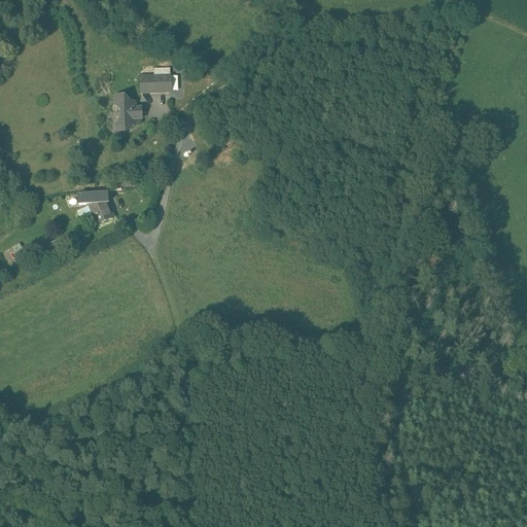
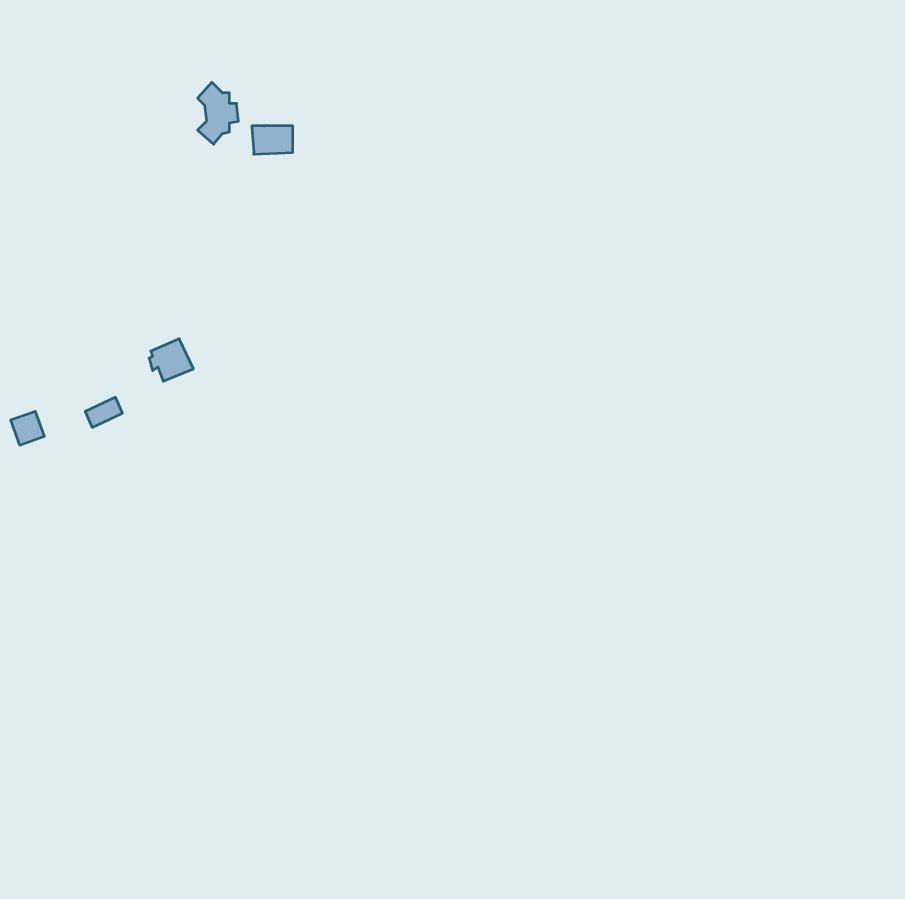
building: [115,93,139,129] -> [198,82,238,144]

